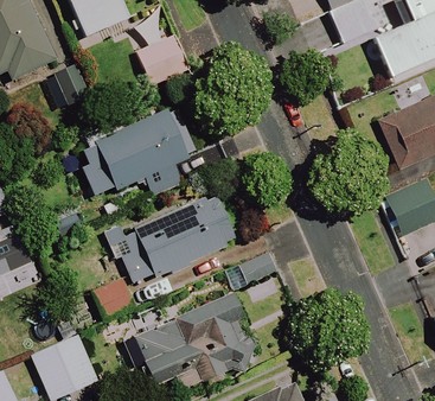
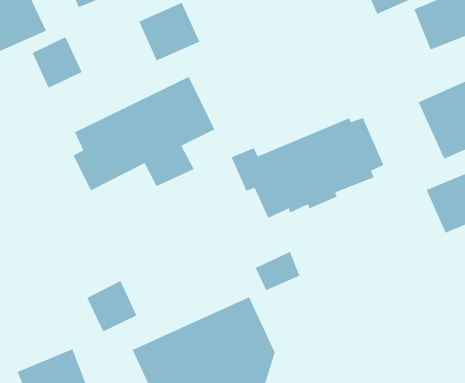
building: [103,196,236,284] -> [231,117,384,219]

